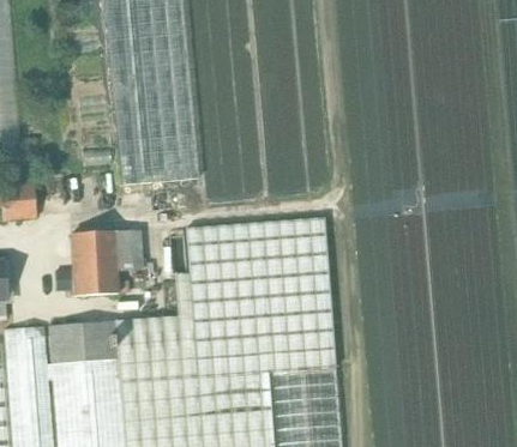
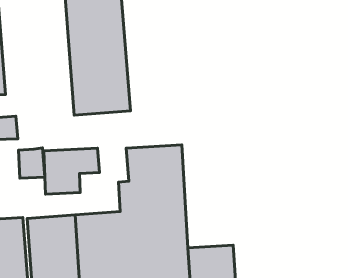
building: [264,222,335,368] -> none
building: none -> [19,148,45,178]

